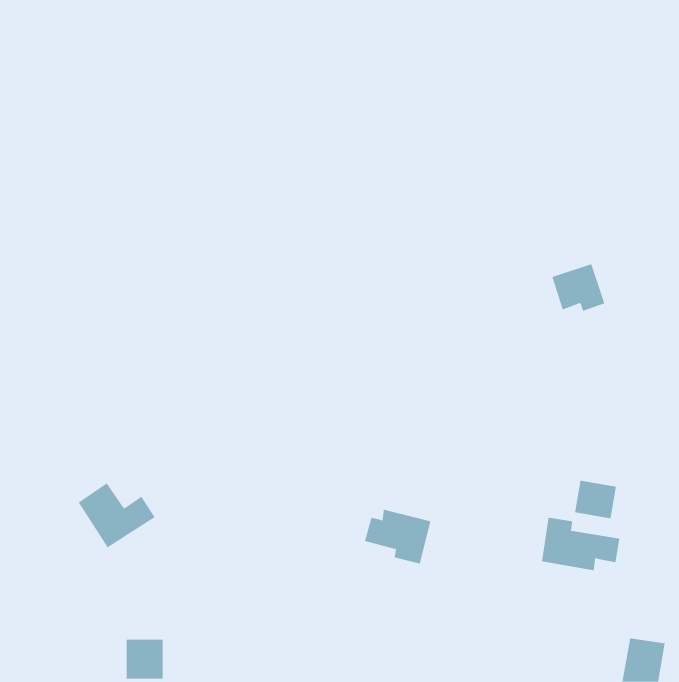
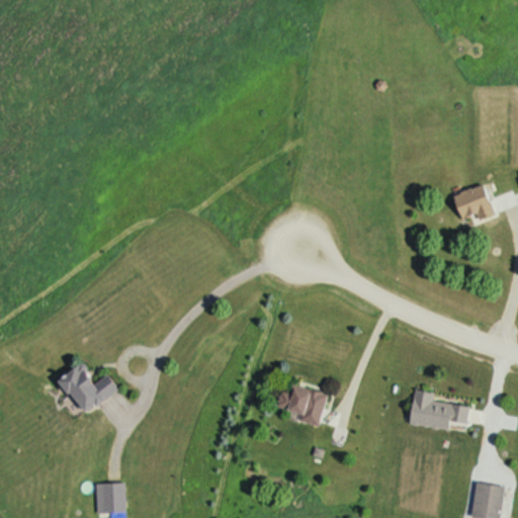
building: [552,263,605,312] -> [453,184,494,221]
building: [575,480,617,519] -> none

